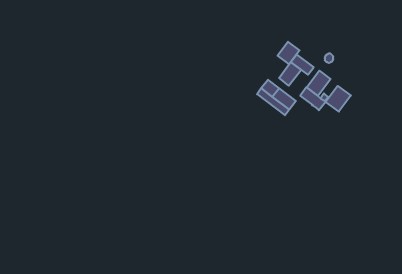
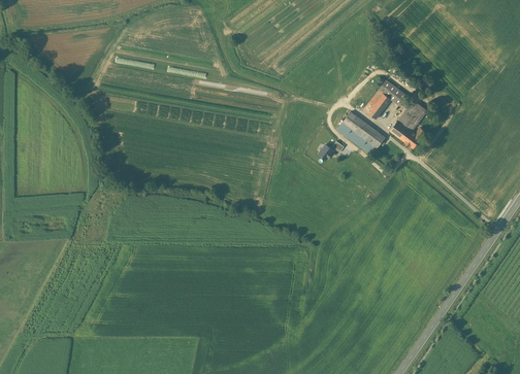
building: [278,42,300,64] -> none
building: [326,86,351,112] -> none

